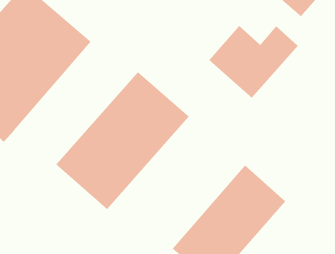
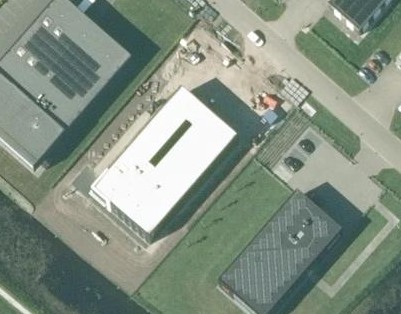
building: [208,25,299,98] -> none

